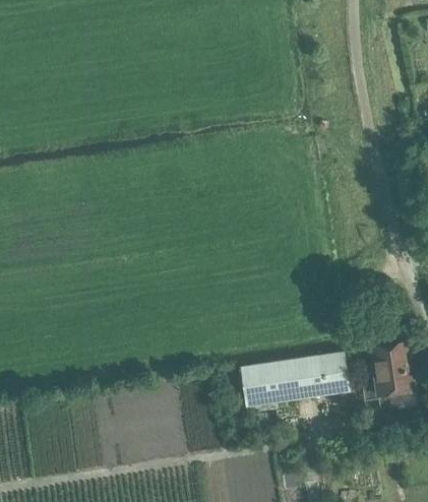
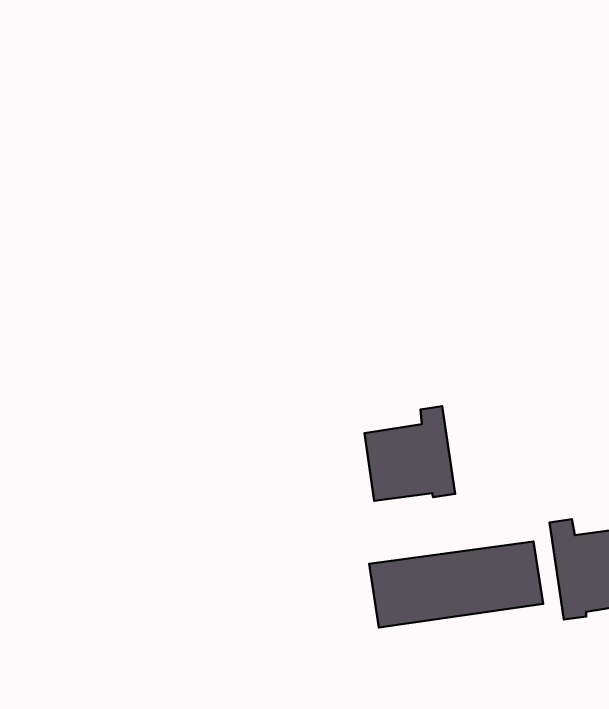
building: none -> [364,406,455,501]

